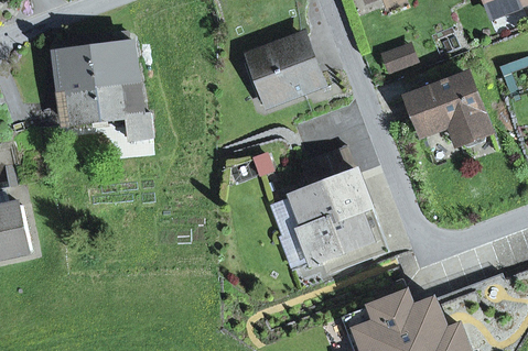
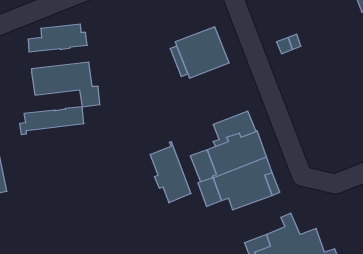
building: [55,61,139,97] -> [20,107,84,135]
building: [409,76,488,143] -> none
building: none -> [150,142,191,203]

